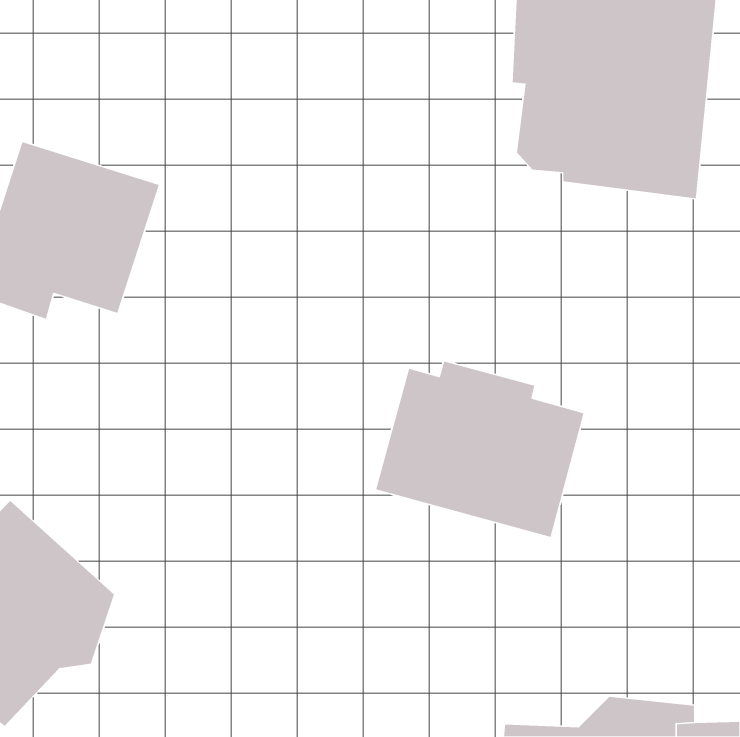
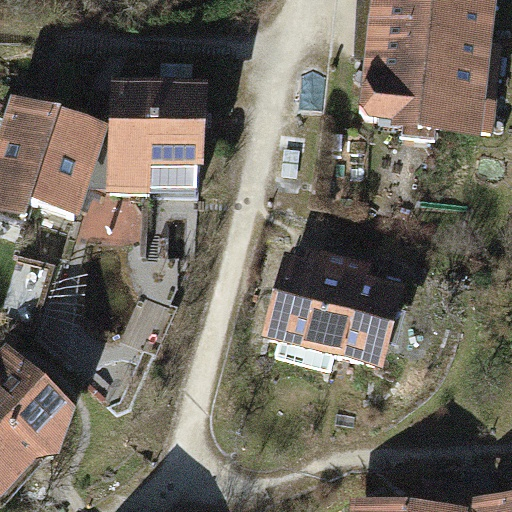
building: none -> [109,77,213,195]

